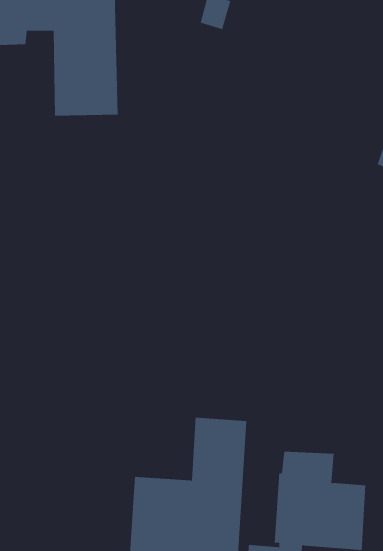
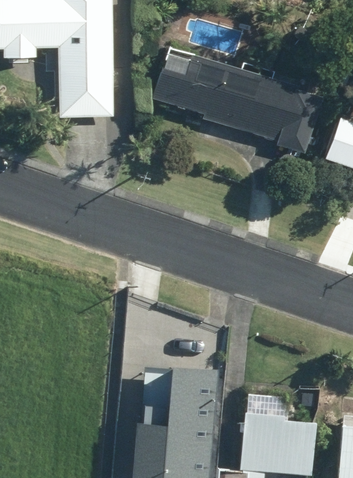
building: none -> [153,54,323,159]

